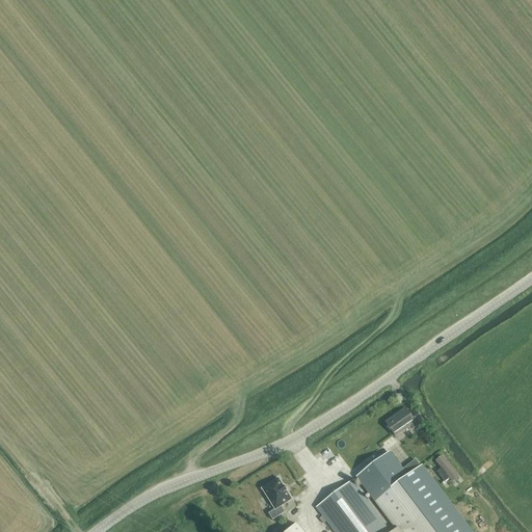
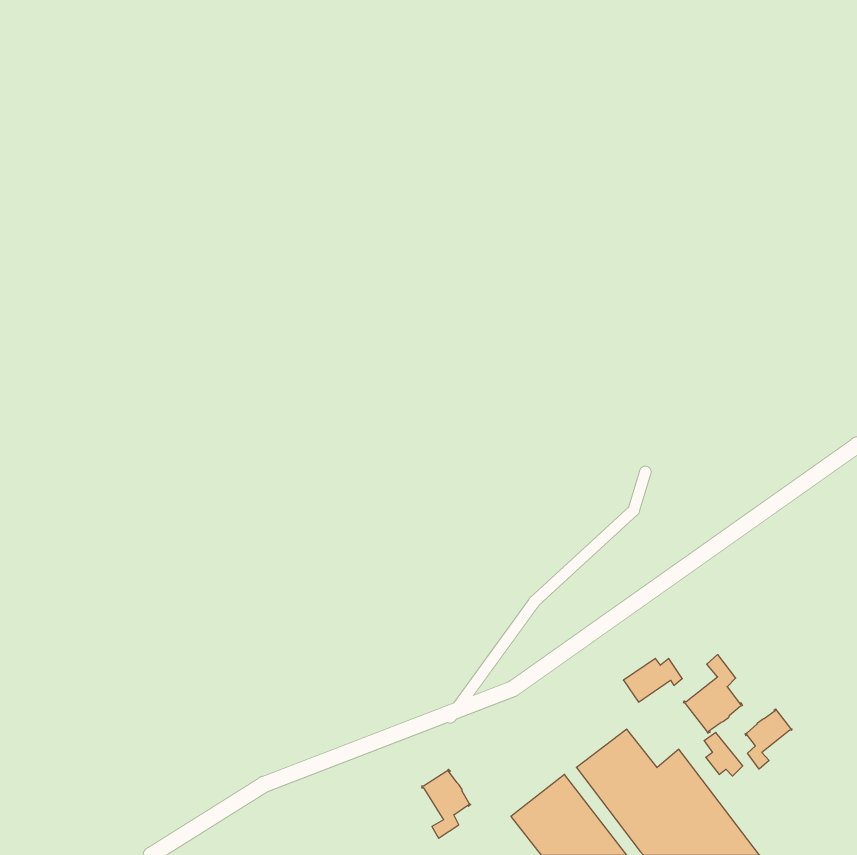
building: none -> [684,655,742,733]
building: none -> [745,709,792,769]

